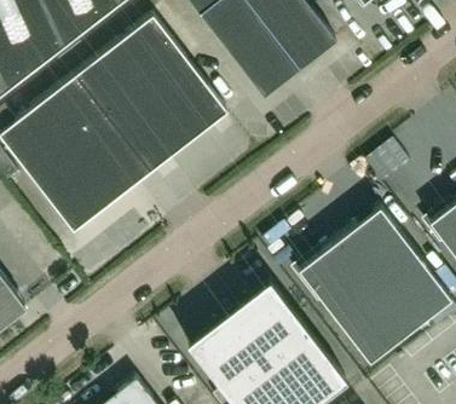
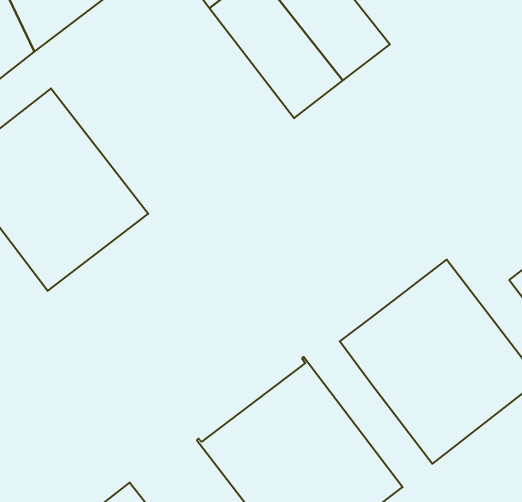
building: [75,16,226,172] -> none

